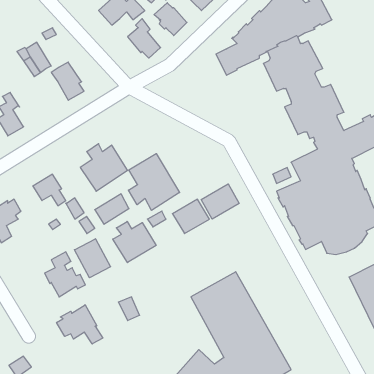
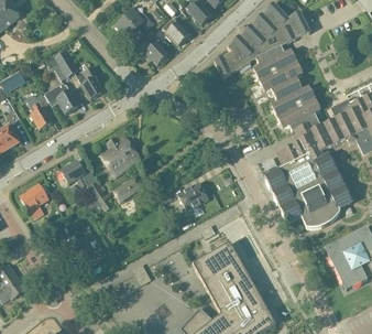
building: none -> [45,82,79,112]
building: [128,154,180,210] -> none
building: [201,184,239,219] -> none
building: [113,221,156,263] -> none
building: [74,239,111,278] -> none
building: [57,305,103,344] -> none

